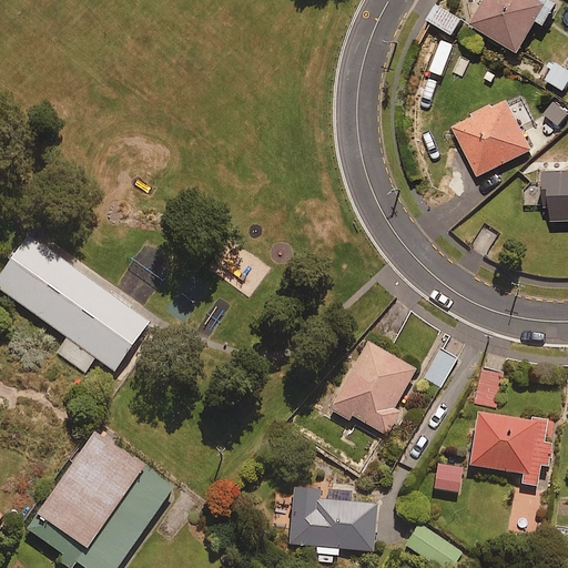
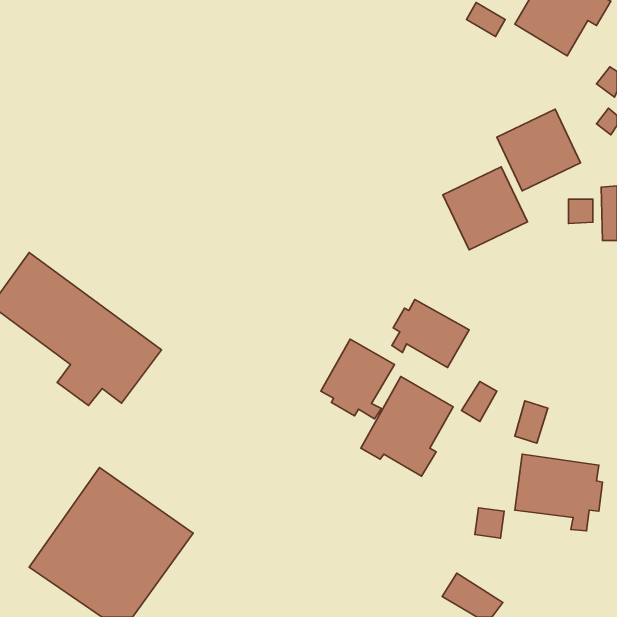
building: none -> [443,167,527,250]
building: none -> [392,300,469,368]
building: none -> [321,339,394,419]
building: [287,488,375,552] -> none

